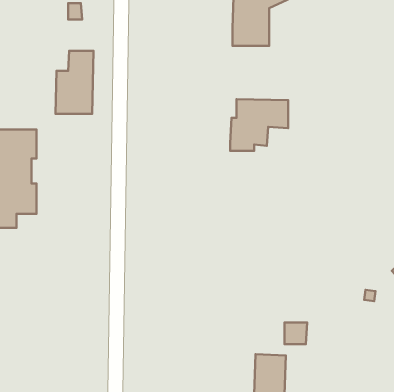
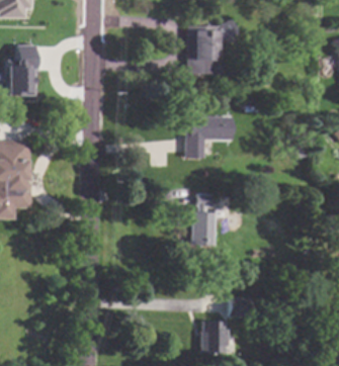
building: [55,51,93,114] -> [6,45,36,96]
building: none -> [192,194,218,246]

